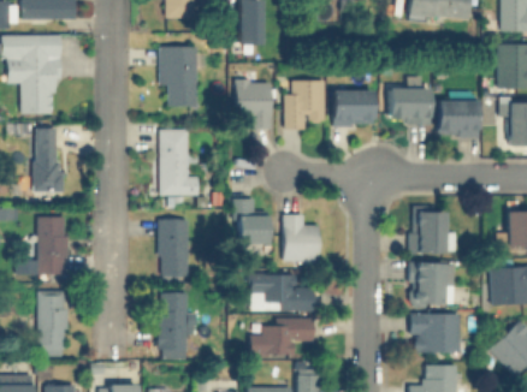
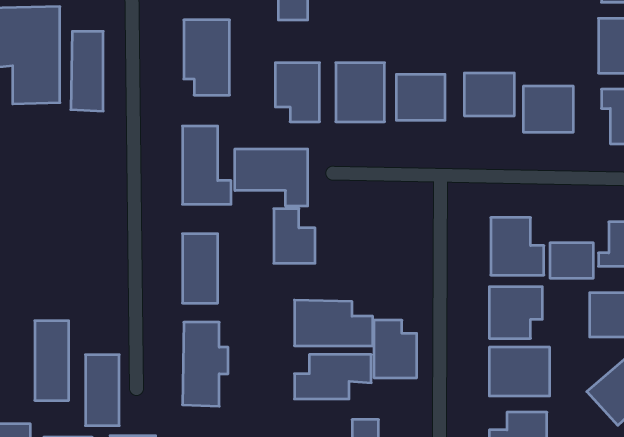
building: [35,129,61,194] -> [71,31,103,111]
building: none -> [235,149,308,206]
building: [284,215,319,262] -> [374,320,417,378]
building: [40,216,67,274] -> [85,355,119,426]
building: none -> [550,243,593,278]

